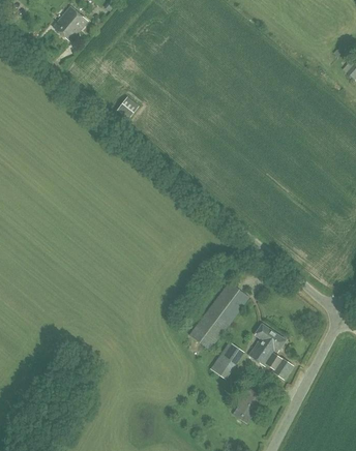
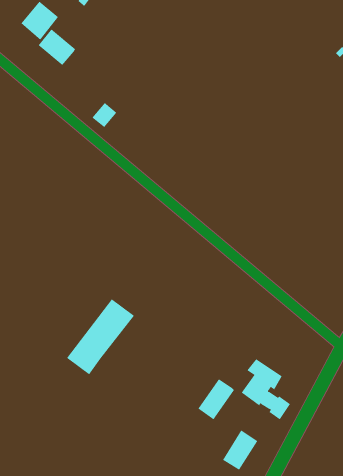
building: none -> [38,29,76,66]
building: [188,281,249,350] -> [66,298,135,375]

